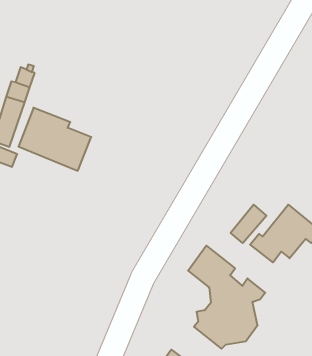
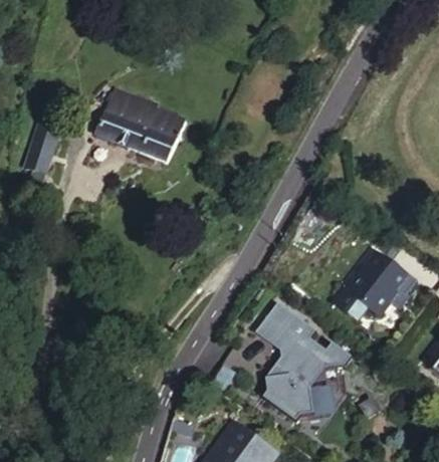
building: [18,108,91,171] -> [95,85,183,161]
building: [231,205,266,243] -> none

